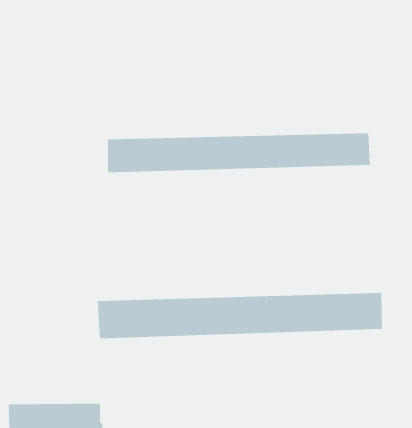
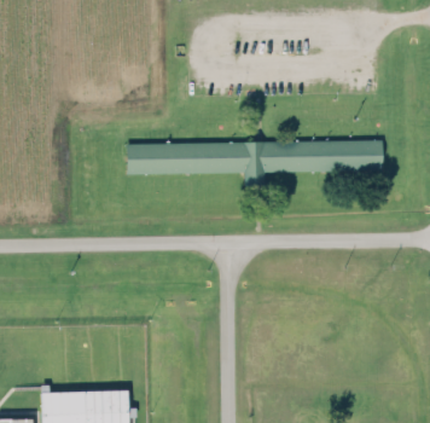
building: [97,292,383,339] -> none

